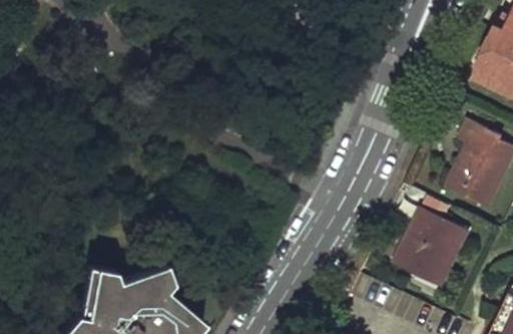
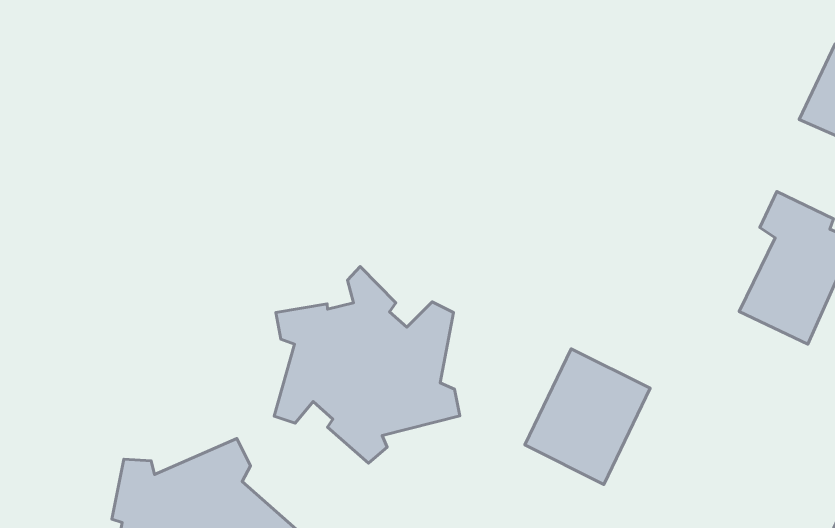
building: none -> [274,266,460,463]
building: [397,211,470,290] -> [525,349,650,484]

